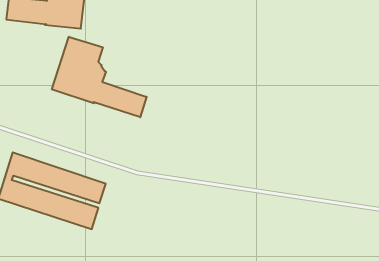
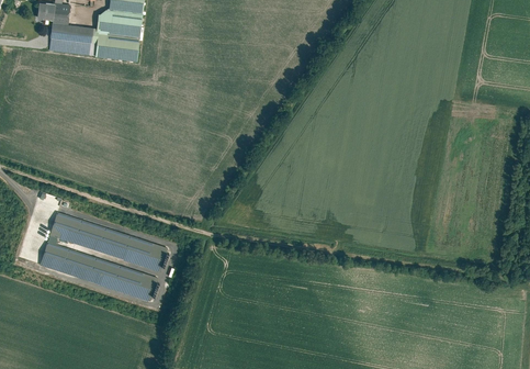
building: [52,37,147,117] -> none

